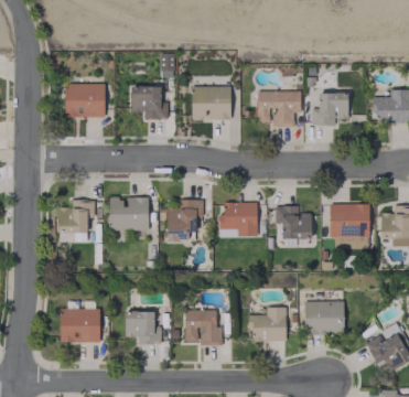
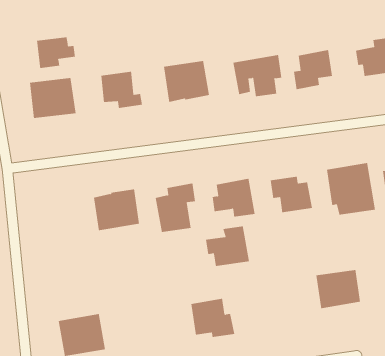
building: none -> [36,36,76,69]
building: [58,201,95,240] -> none
building: [248,307,287,341] -> [205,226,250,267]
building: [125,313,162,344] -> none

